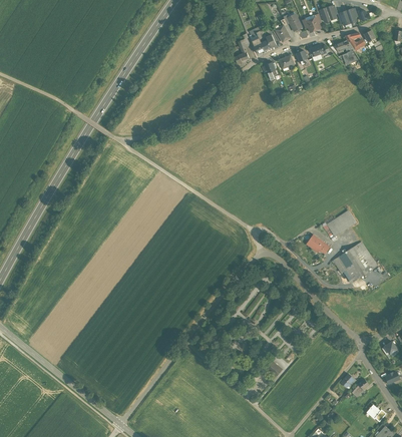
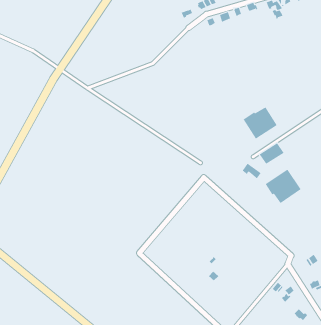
building: none -> [243,106,277,139]

